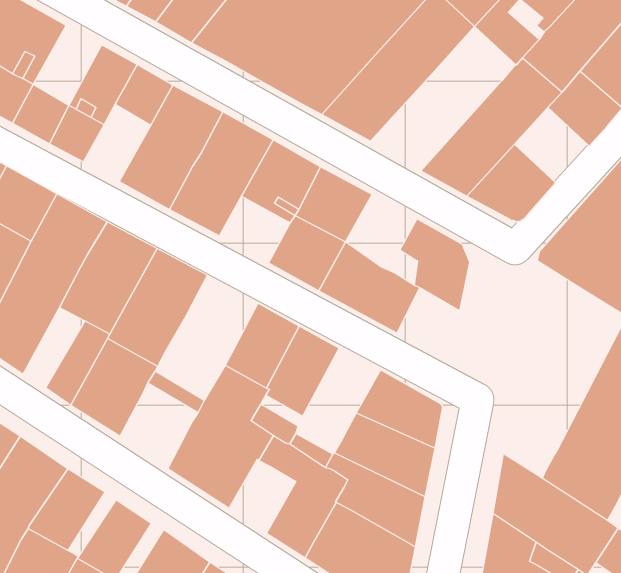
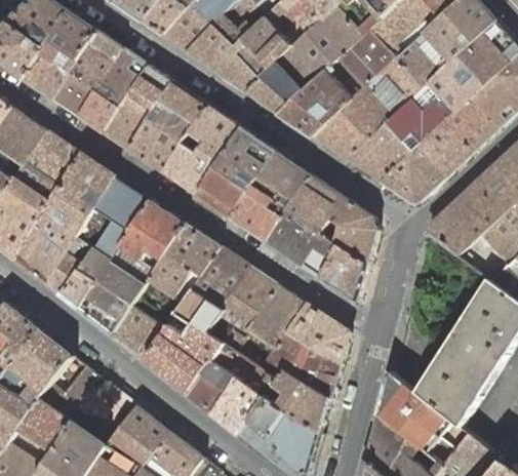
building: none -> [70,32,122,90]
building: none -> [312,58,423,160]
building: none -> [102,92,153,149]
building: none -> [416,122,471,177]
building: none -> [287,174,341,233]
building: none -> [196,167,248,217]
building: none -> [148,223,220,296]
building: none -> [319,245,366,301]
building: none -> [44,237,92,294]
building: none -> [245,284,305,350]
building: none -> [111,305,164,361]
building: none -> [186,360,236,414]

